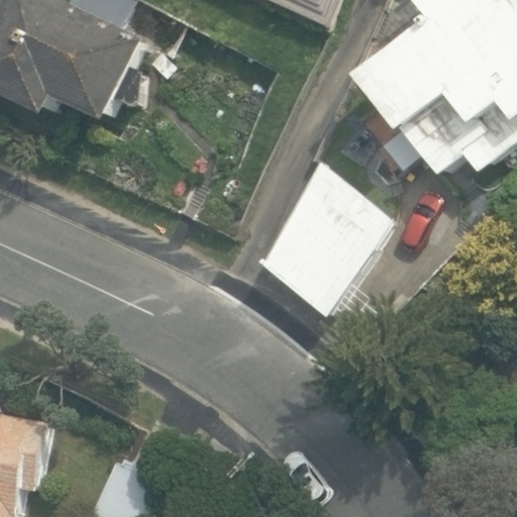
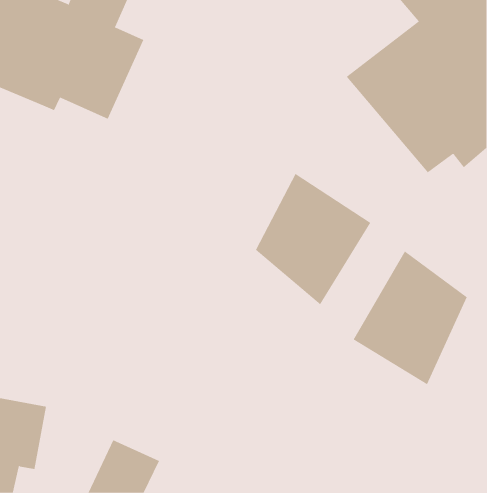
building: none -> [353,250,467,385]

